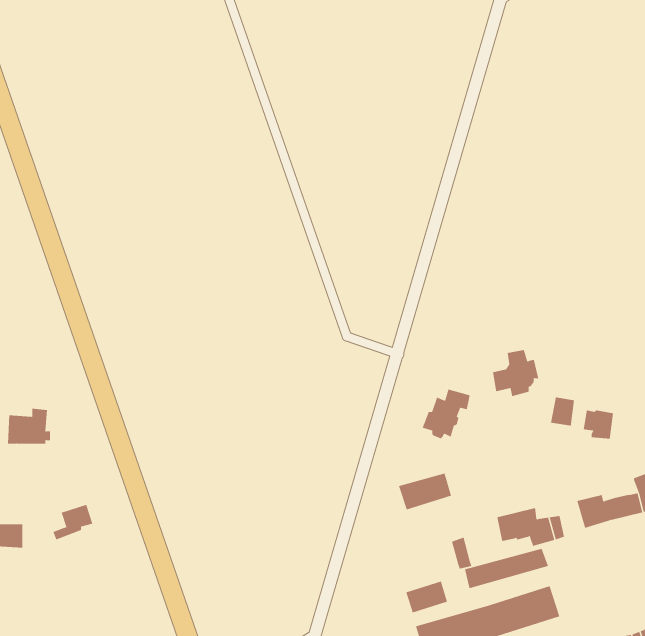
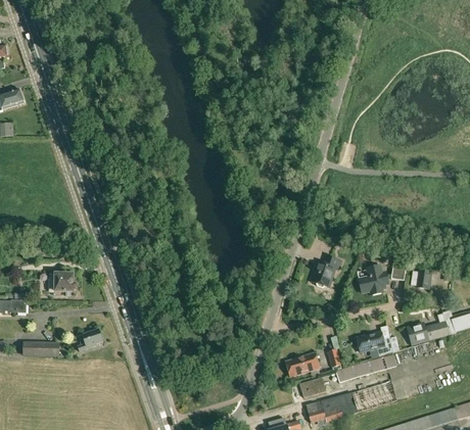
building: [492,350,539,397] -> [359,266,388,295]
building: [398,473,452,510] -> [285,353,319,377]

